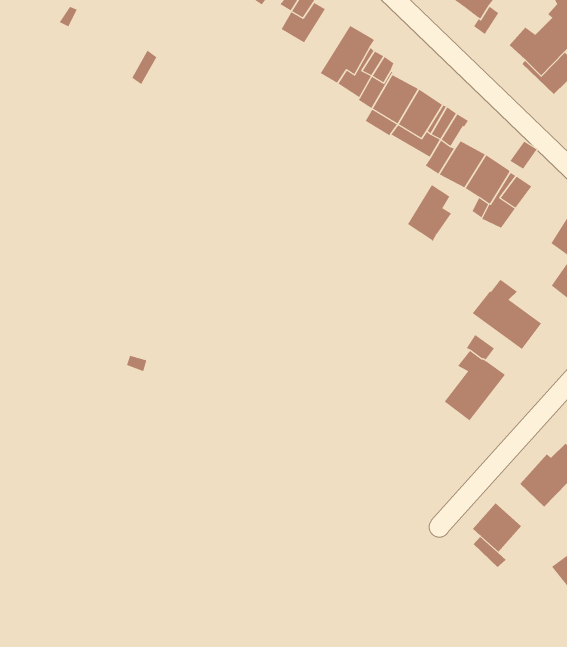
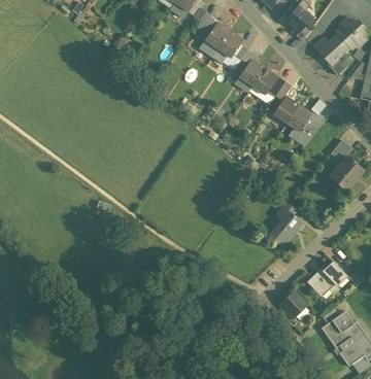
building: none -> [200,22,230,56]
building: [407,184,452,242] -> none
building: [472,279,542,350] -> none

